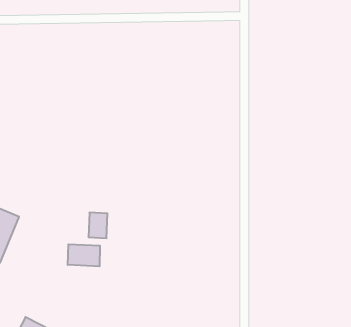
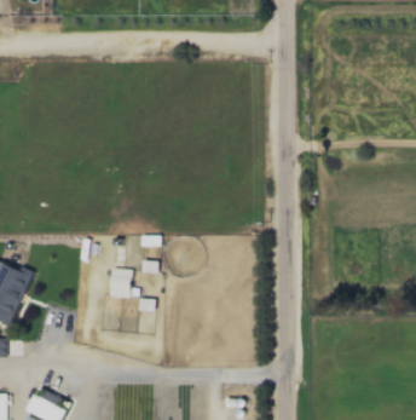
building: [68,244,100,266] -> none

